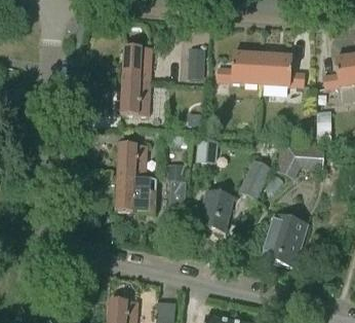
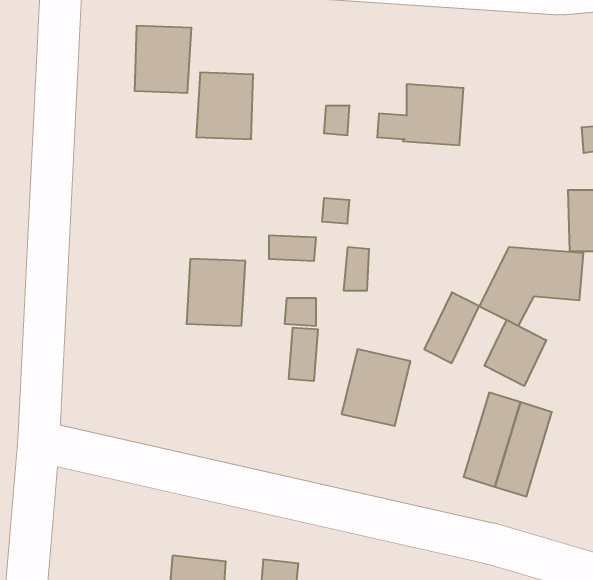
building: [260,53,305,85] -> none
building: [121,79,151,114] -> [135,26,192,93]
building: none -> [485,320,546,386]
building: [116,177,156,213] -> none

